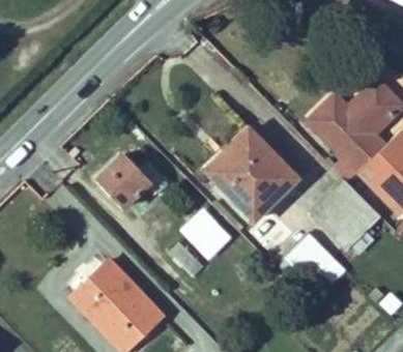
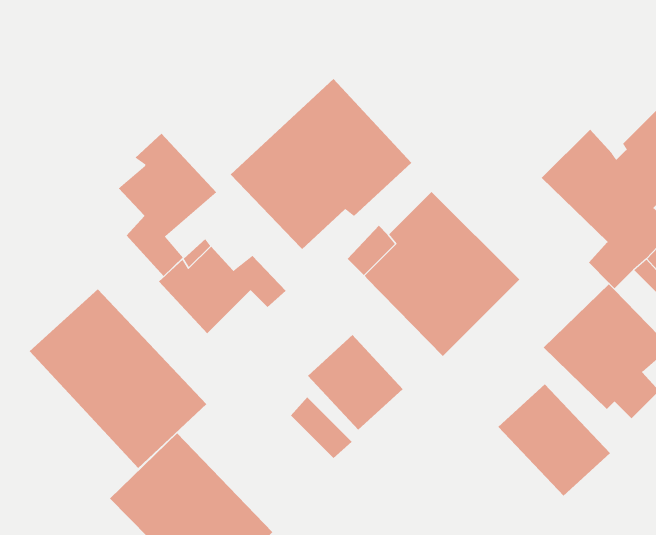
building: none -> [230,78,412,250]
building: none -> [118,133,217,277]
building: none -> [29,288,207,469]

